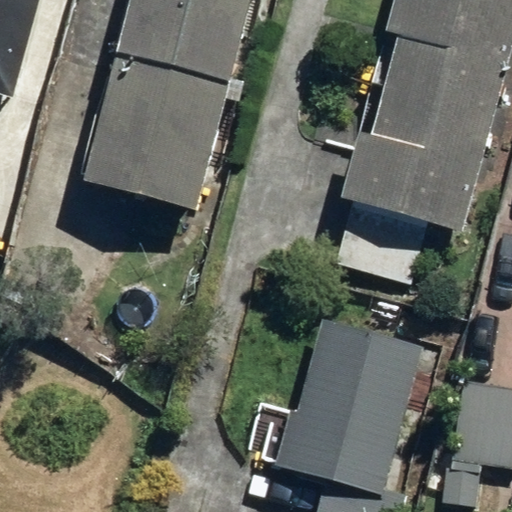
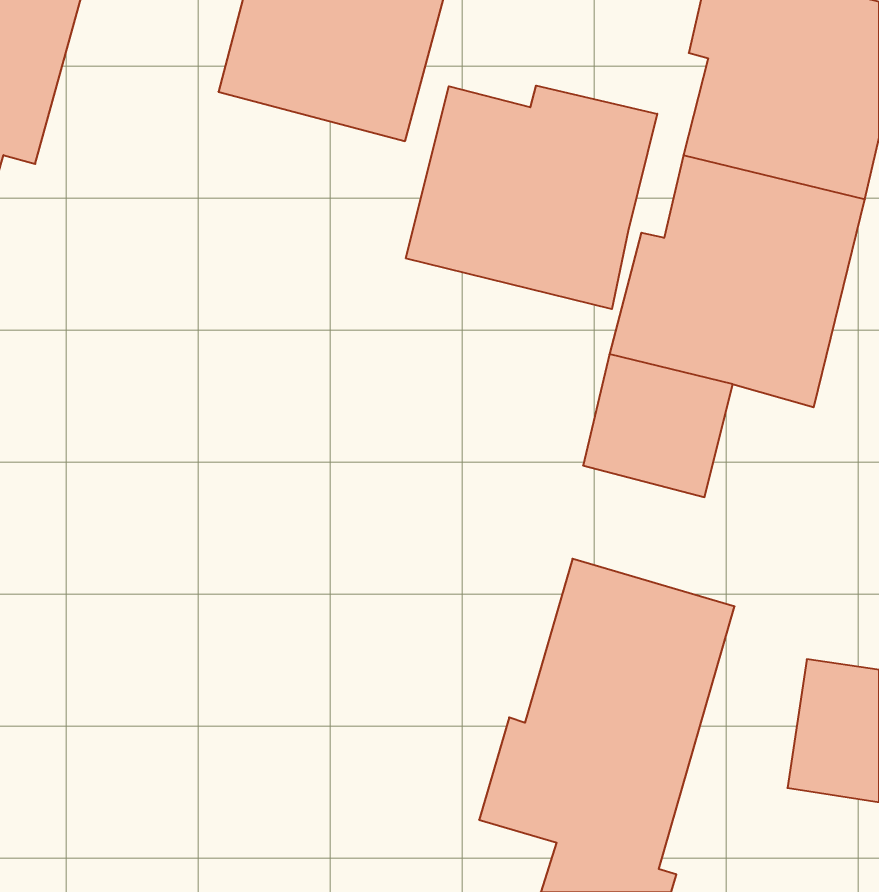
building: none -> [406,86,657,309]
building: [91,52,230,209] -> none

